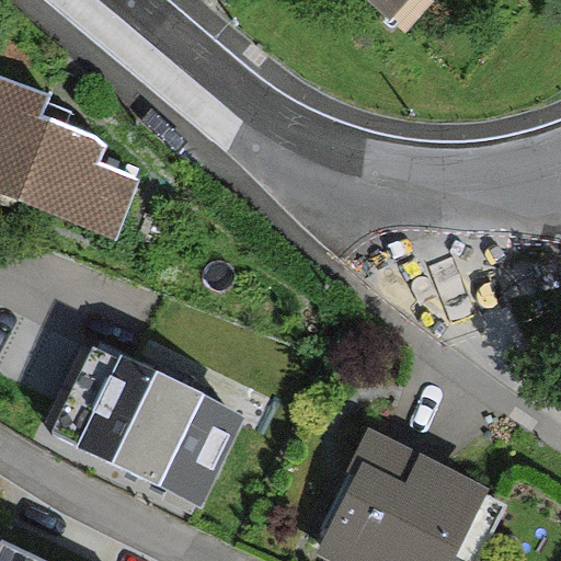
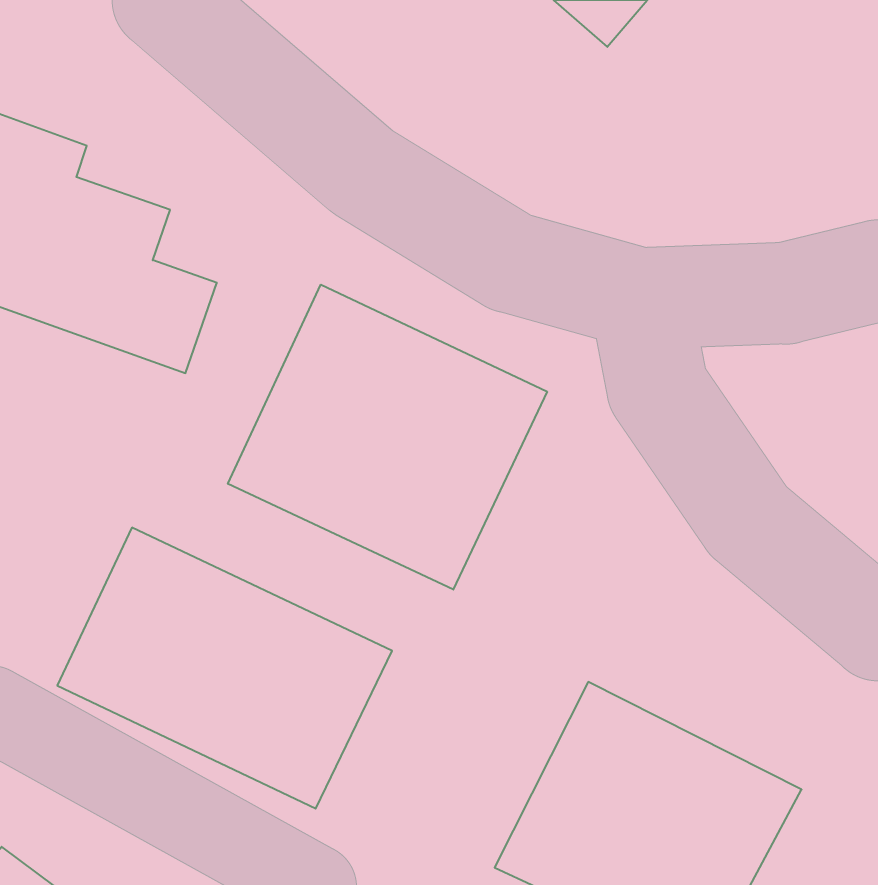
building: none -> [228,285,547,590]

